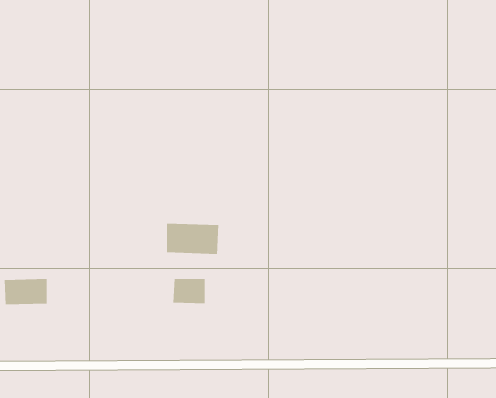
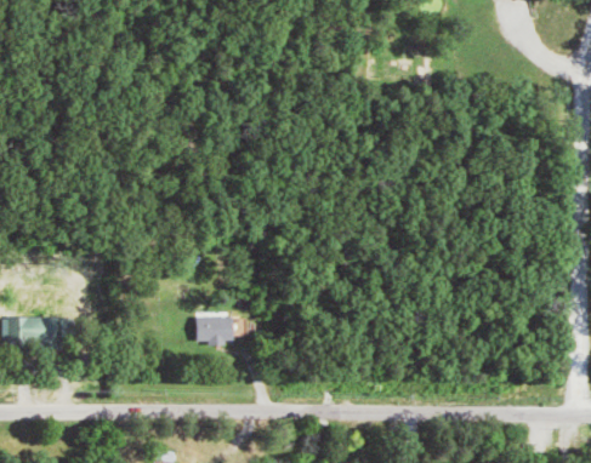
building: [166,223,219,255] -> none

